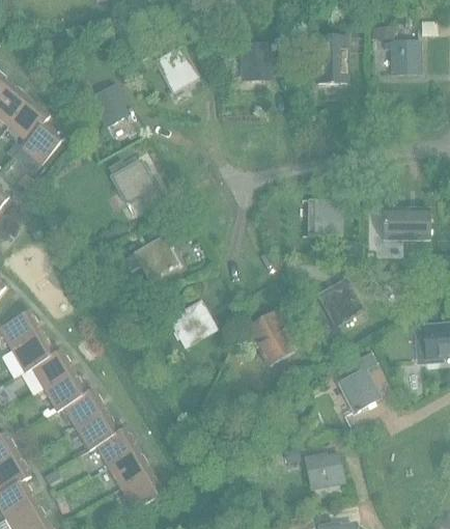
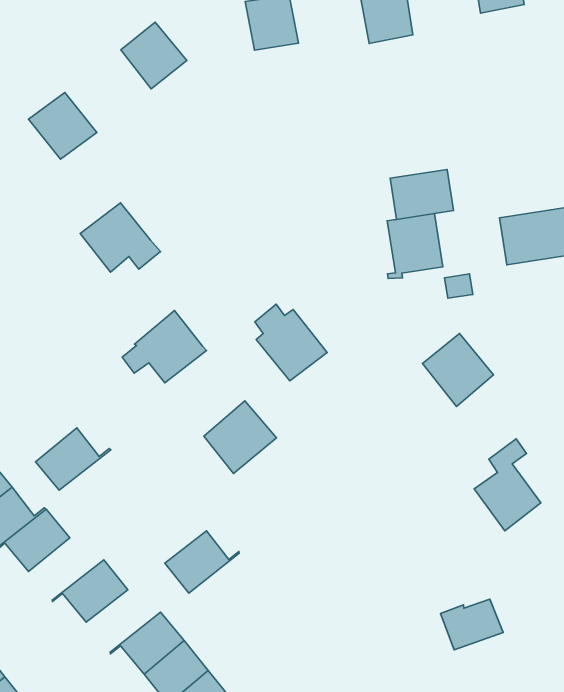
building: none -> [390,169,454,219]
building: [251,313,296,364] -> [255,304,327,381]
building: [43,372,92,411] -> [35,428,111,490]
building: [75,412,123,450] -> [165,531,239,593]

